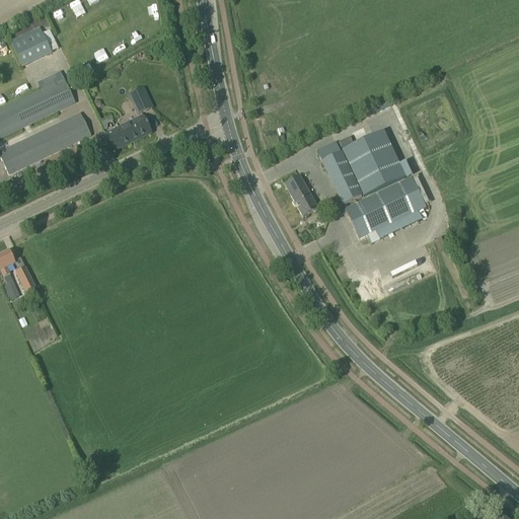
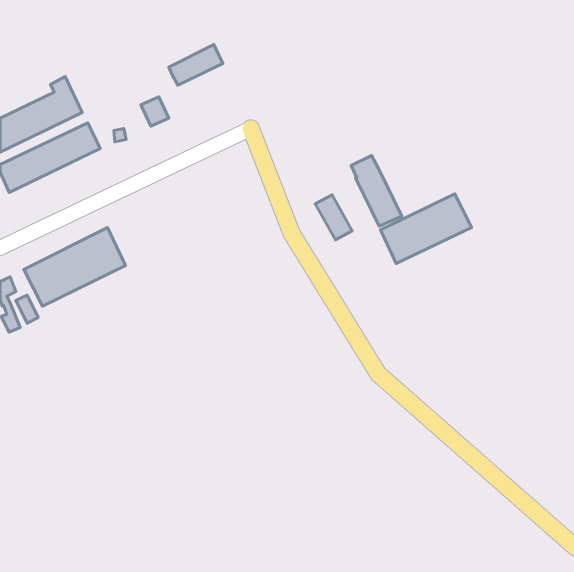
building: [10,26,58,66] -> none
building: [103,115,152,151] -> [169,44,223,85]
building: [343,130,406,196] -> none
building: none -> [24,228,125,306]

